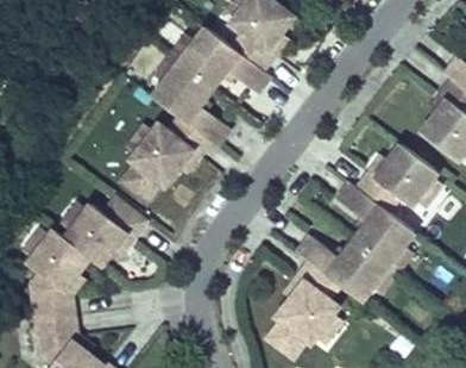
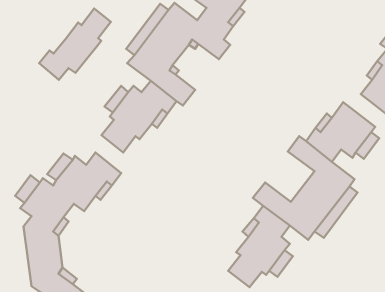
building: none -> [39,9,111,80]

